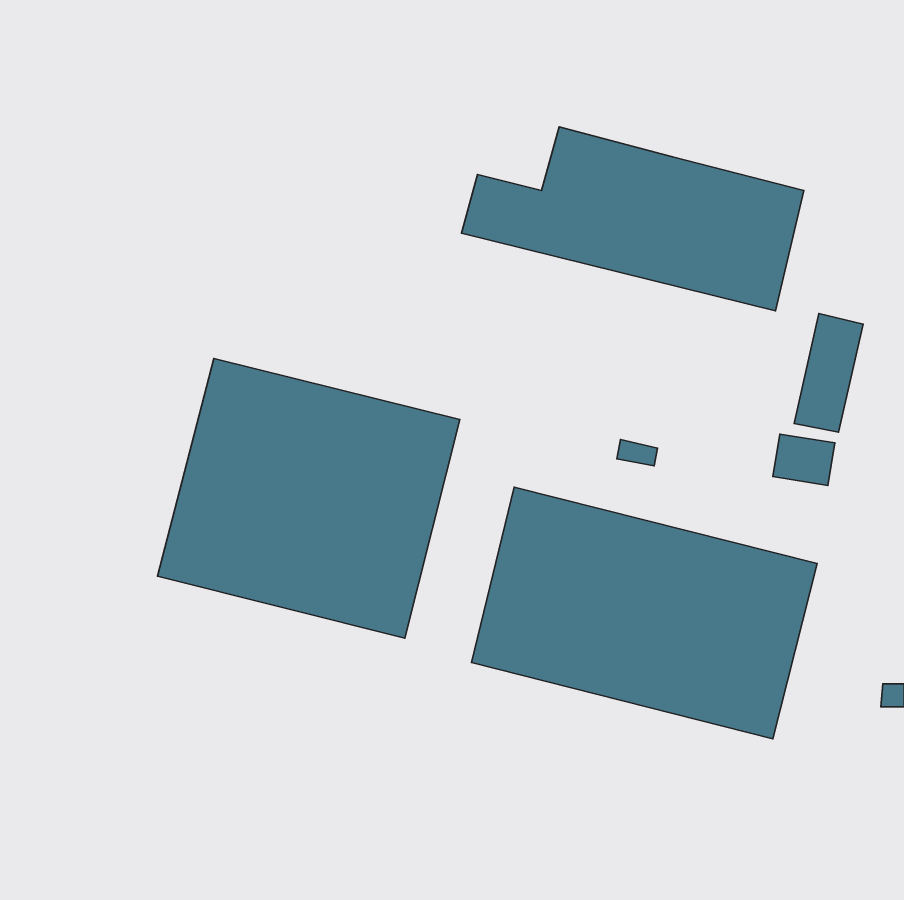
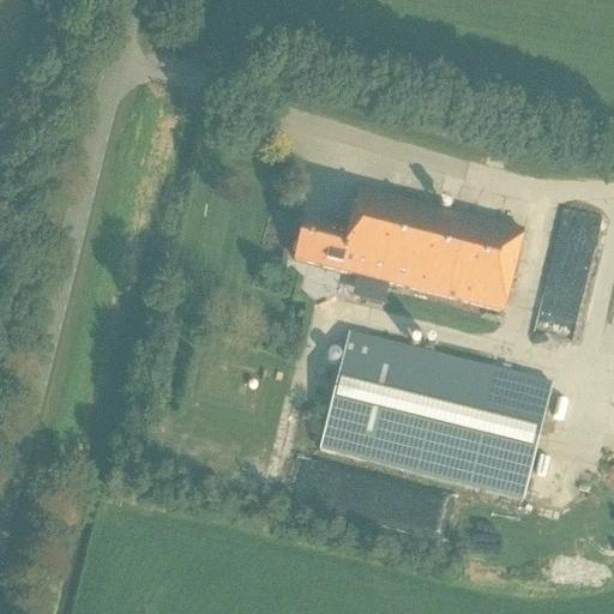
building: [462,127,804,311] -> [294,186,525,311]
building: [158,358,460,638] -> none

